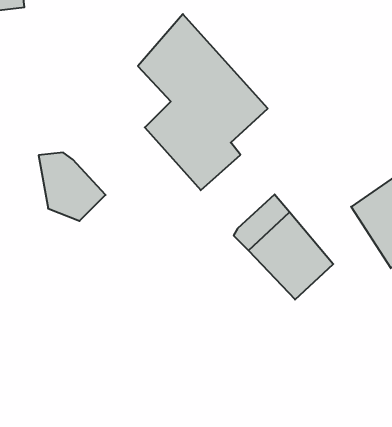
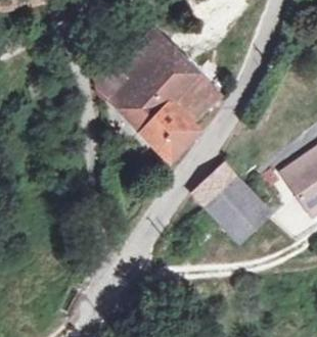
building: [39,153,106,221] -> [97,60,147,111]

